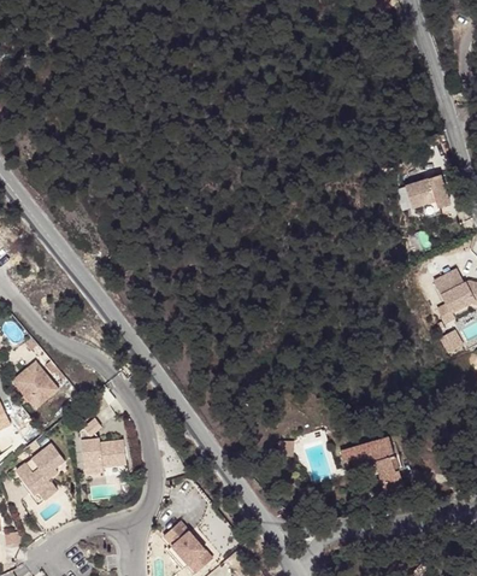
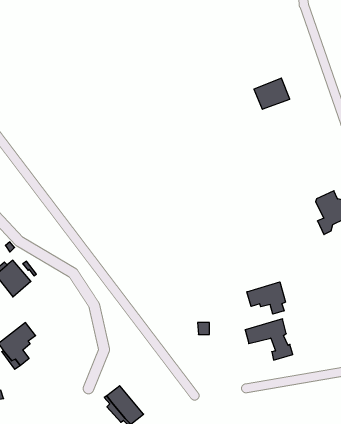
building: [404,171,450,212] -> [254,78,290,109]
building: none -> [247,282,285,314]
building: [80,423,126,472] -> none

